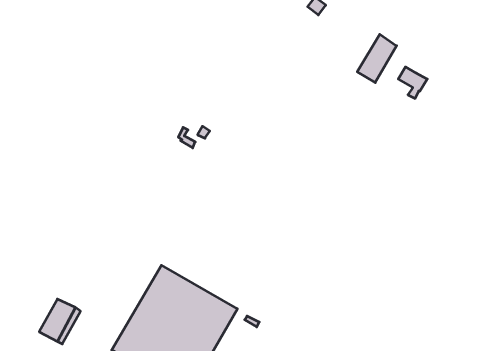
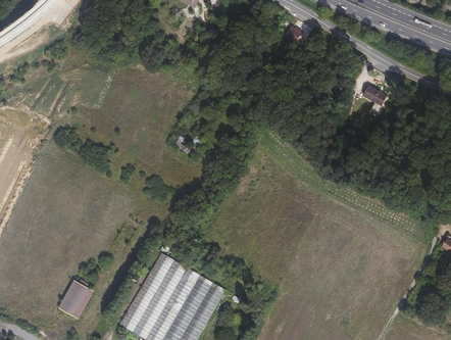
building: [357,34,397,83] -> none

